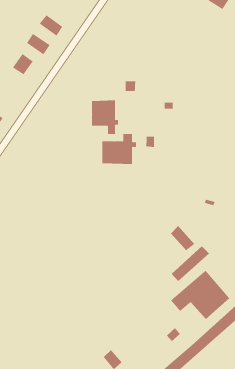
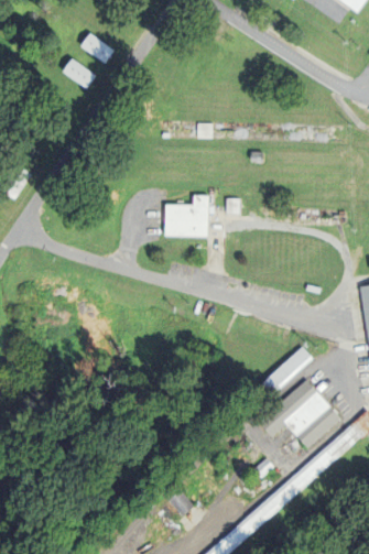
building: [12,53,33,75] -> none
building: [92,100,118,135] -> none
building: [170,225,195,251] -> none

